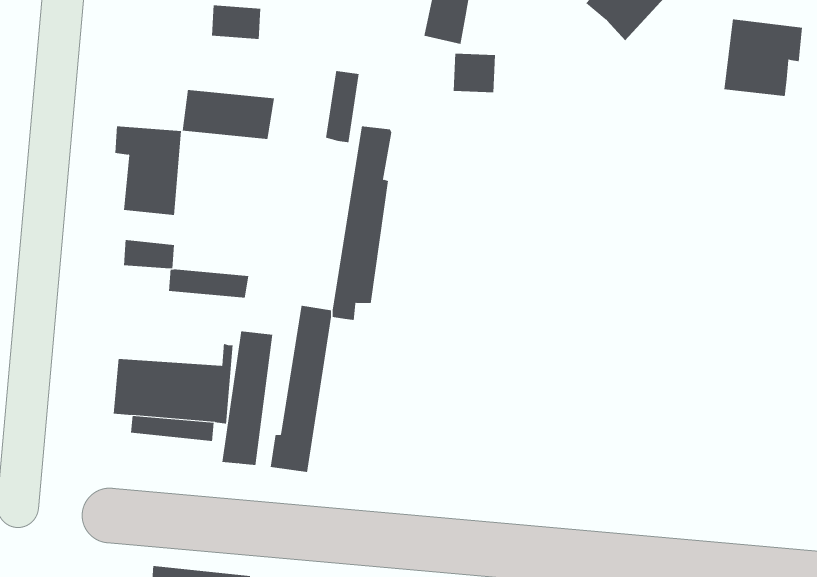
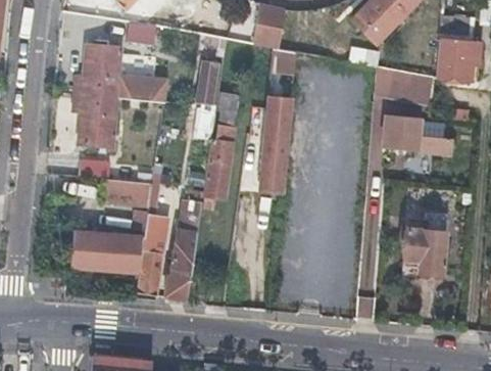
building: none -> [75,45,118,98]
building: none -> [374,63,430,101]
building: none -> [260,98,290,195]
building: none -> [382,115,453,155]
building: none -> [403,213,447,279]

